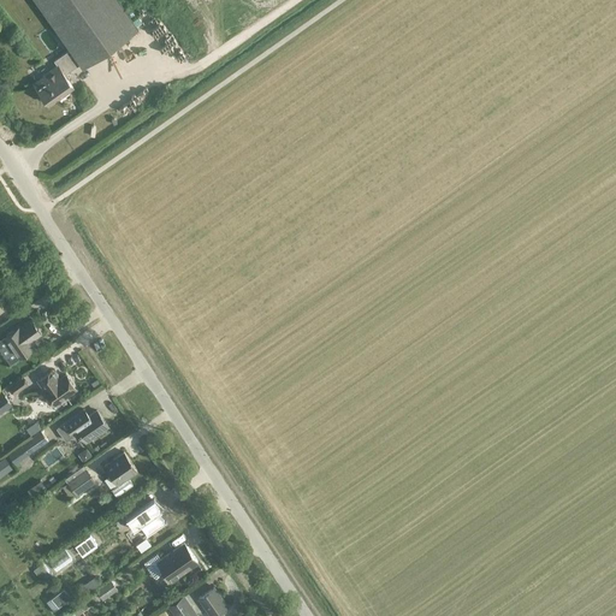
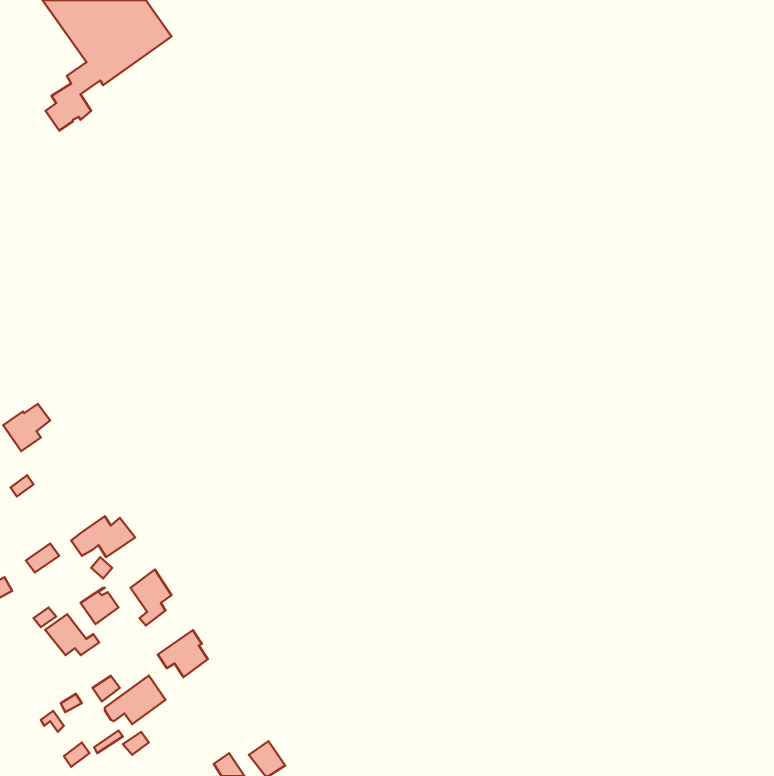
building: [36,369,75,405] -> none
building: none -> [45,614,99,655]
building: [148,543,196,581] -> [105,676,166,724]

